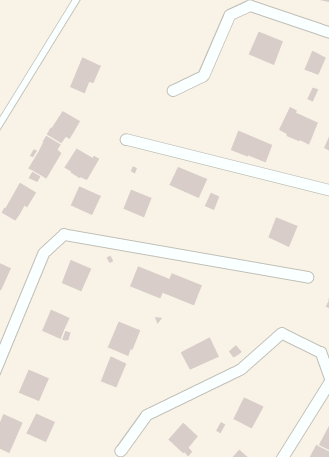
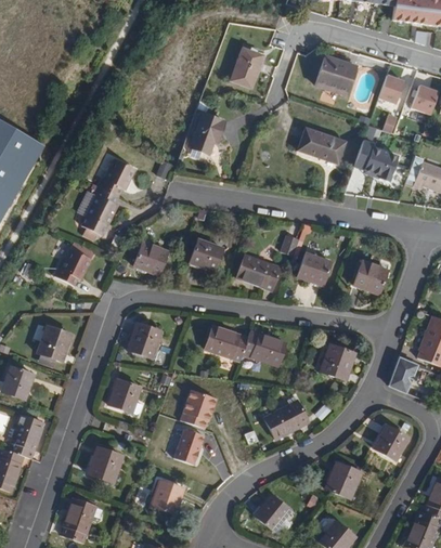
building: none -> [233,49,265,88]
building: [69,57,102,94] -> [193,113,228,154]
building: [230,130,273,163] -> [298,127,346,161]
building: [63,147,100,181] -> none
building: [169,166,208,199] -> [235,255,278,289]
building: none -> [297,253,329,284]
building: none -> [319,344,352,379]
building: none -> [390,356,418,391]
building: none -> [372,425,406,459]
building: [26,413,56,443] -> [150,481,182,513]

